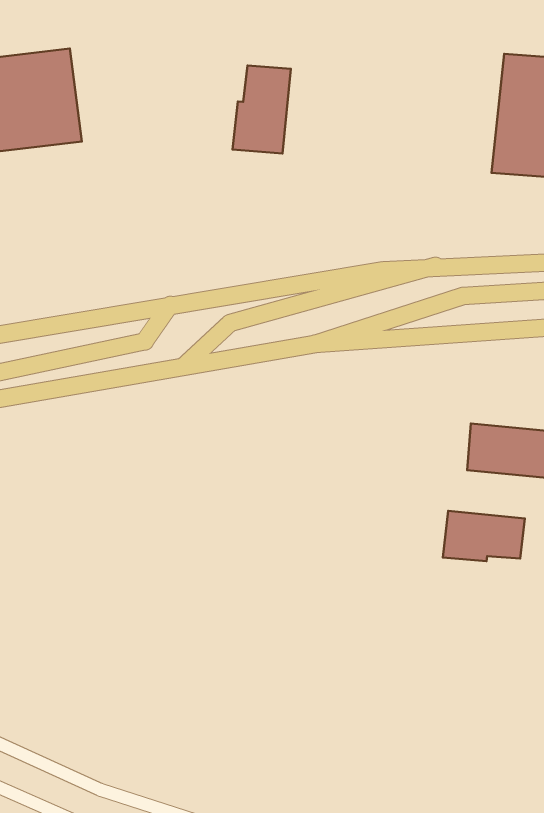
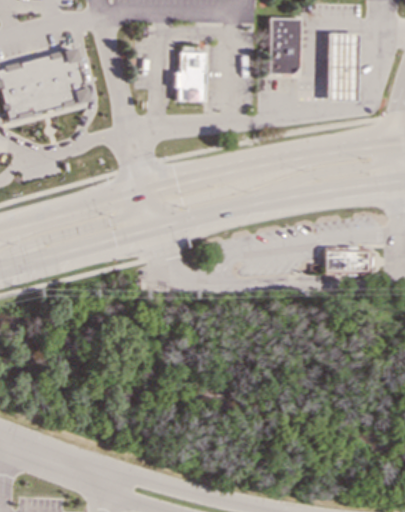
building: none -> [267,17,302,78]
building: [443,511,525,561] -> none

